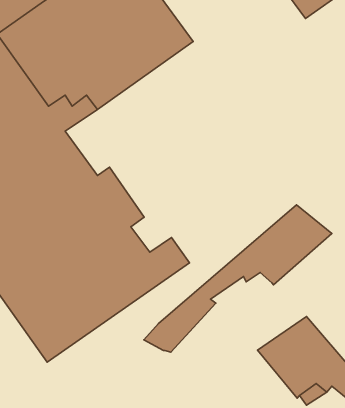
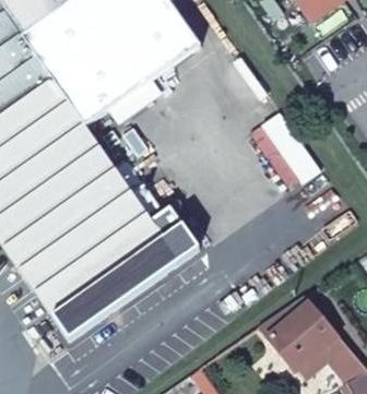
building: [144,205,332,352] -> none

